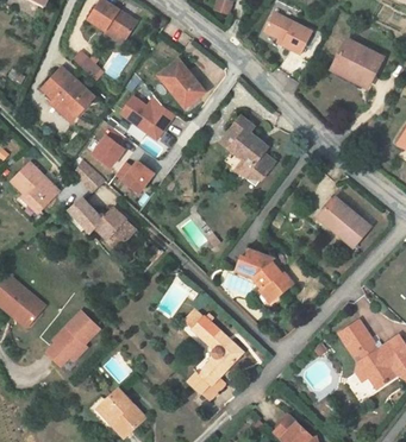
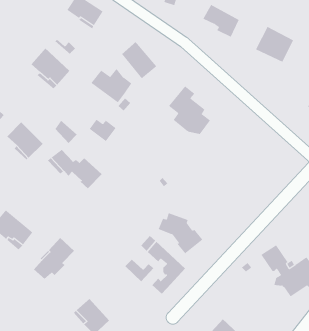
building: [94,128,125,166] -> none
building: [319,197,370,248] -> none
building: [235,250,293,303] -> [158,213,203,254]
building: [187,372,225,402] -> [125,259,154,282]

